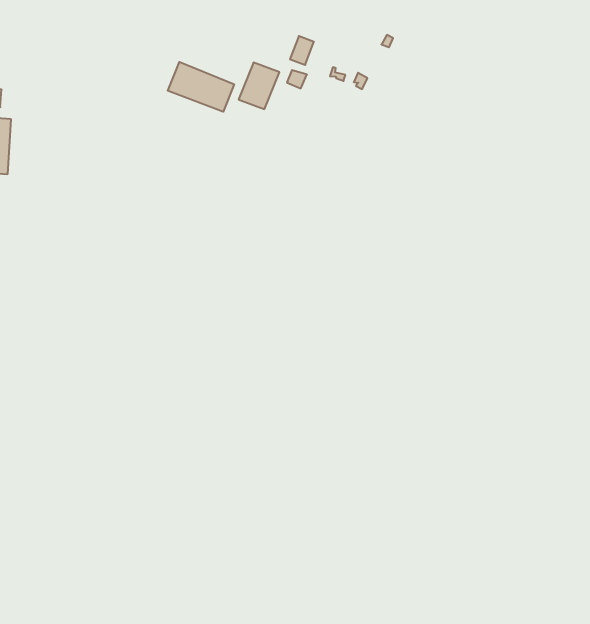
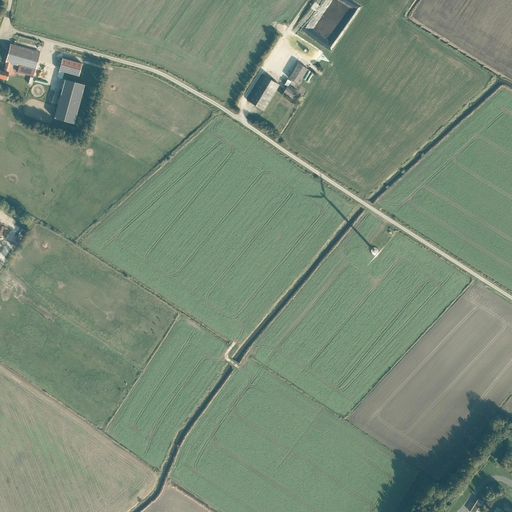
building: [168,62,234,112] -> none

